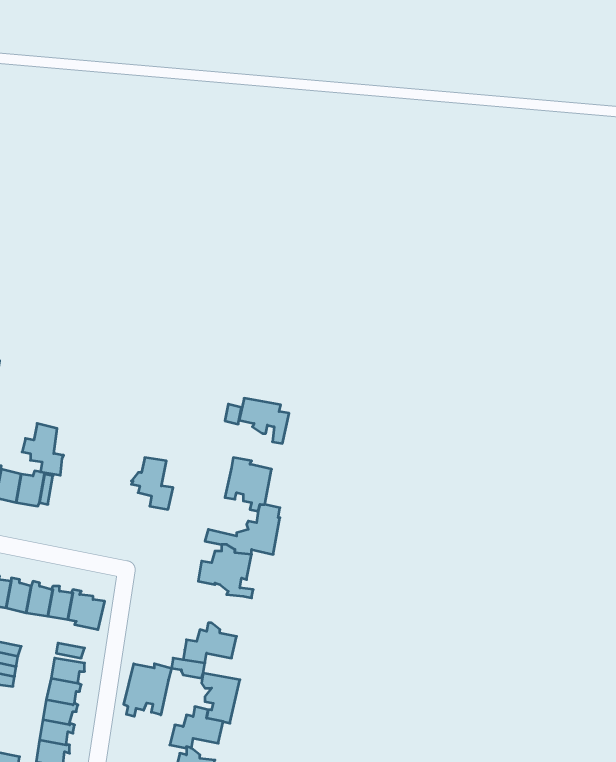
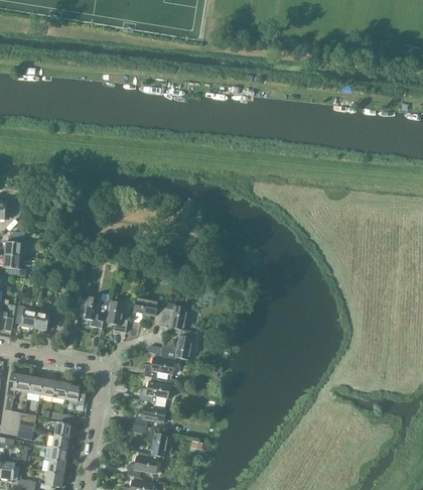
building: [239,398,289,443] -> [133,297,163,325]
building: [22,423,64,475] -> [79,295,104,327]
building: none -> [139,376,170,400]
building: [124,664,171,716] -> none

